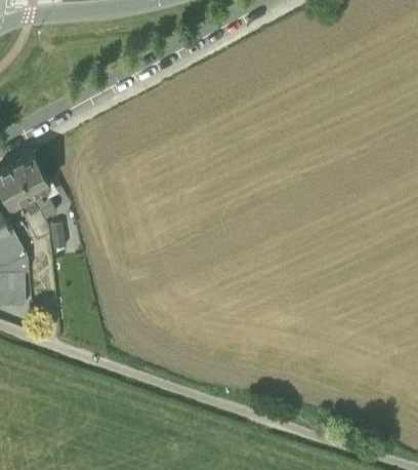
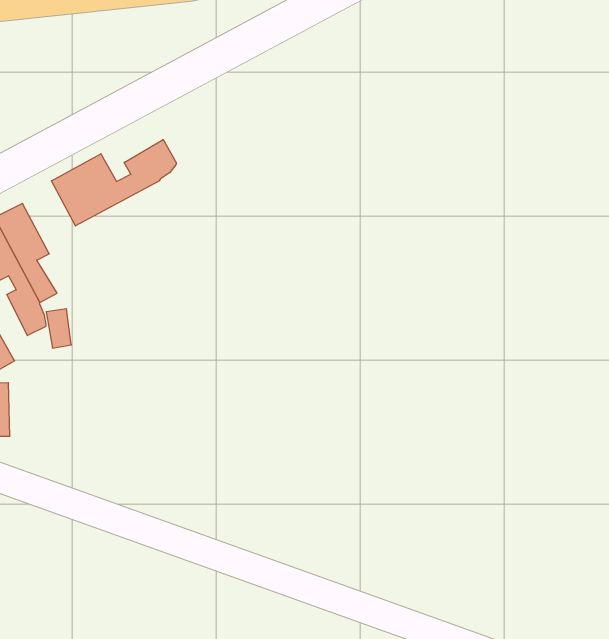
building: none -> [51,139,177,226]

